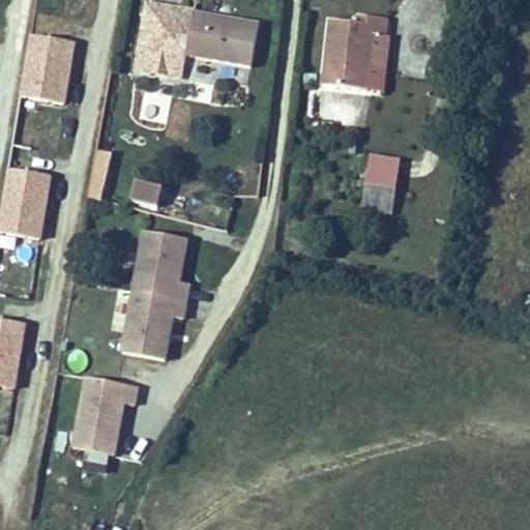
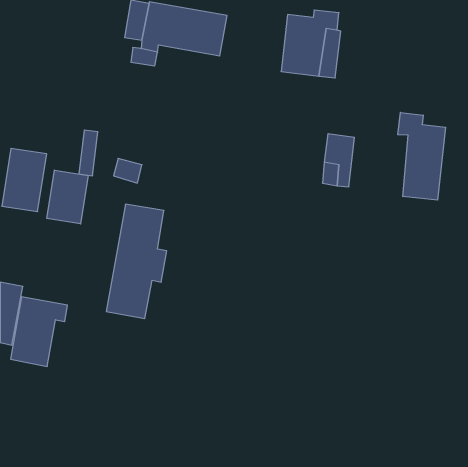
building: [24,35,77,105] -> none
building: none -> [398,112,446,200]
building: none -> [47,170,88,224]
building: [71,377,136,455] -> [11,297,67,366]

